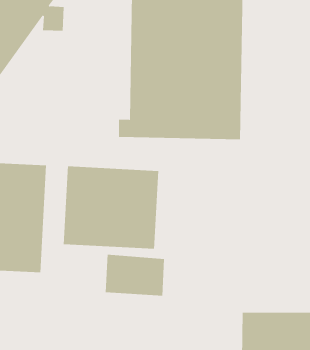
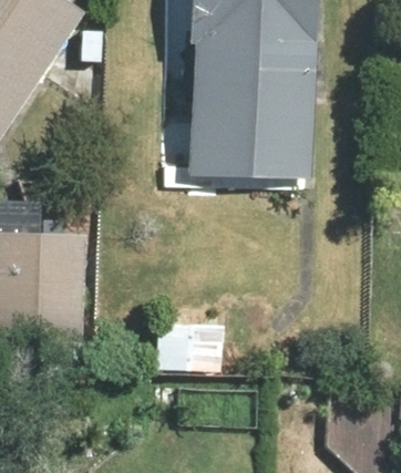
building: [63,166,159,250] -> none

